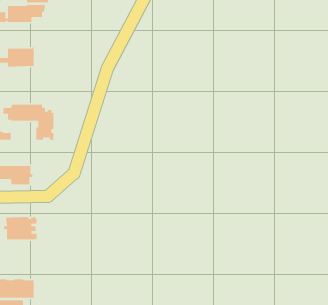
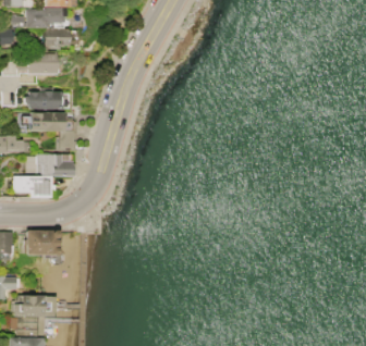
building: none -> [45,28,69,49]
building: none -> [25,90,63,109]
building: none -> [26,153,74,176]

